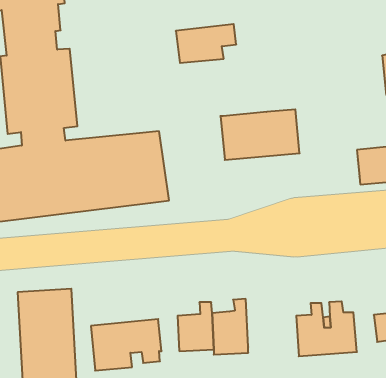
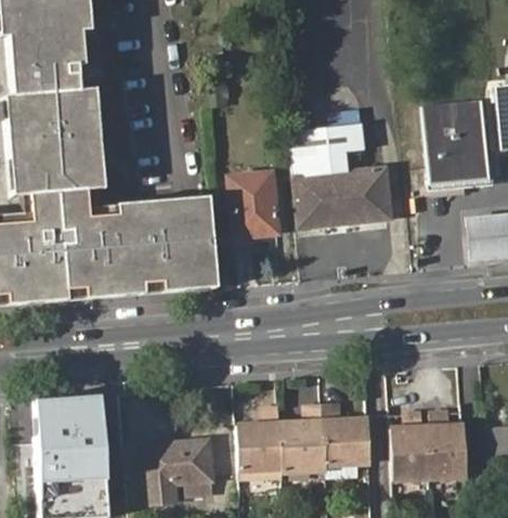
building: [176,24,236,63] -> [289,124,367,173]
building: none -> [424,100,490,186]
building: none -> [229,172,277,237]
building: none -> [324,409,370,470]

